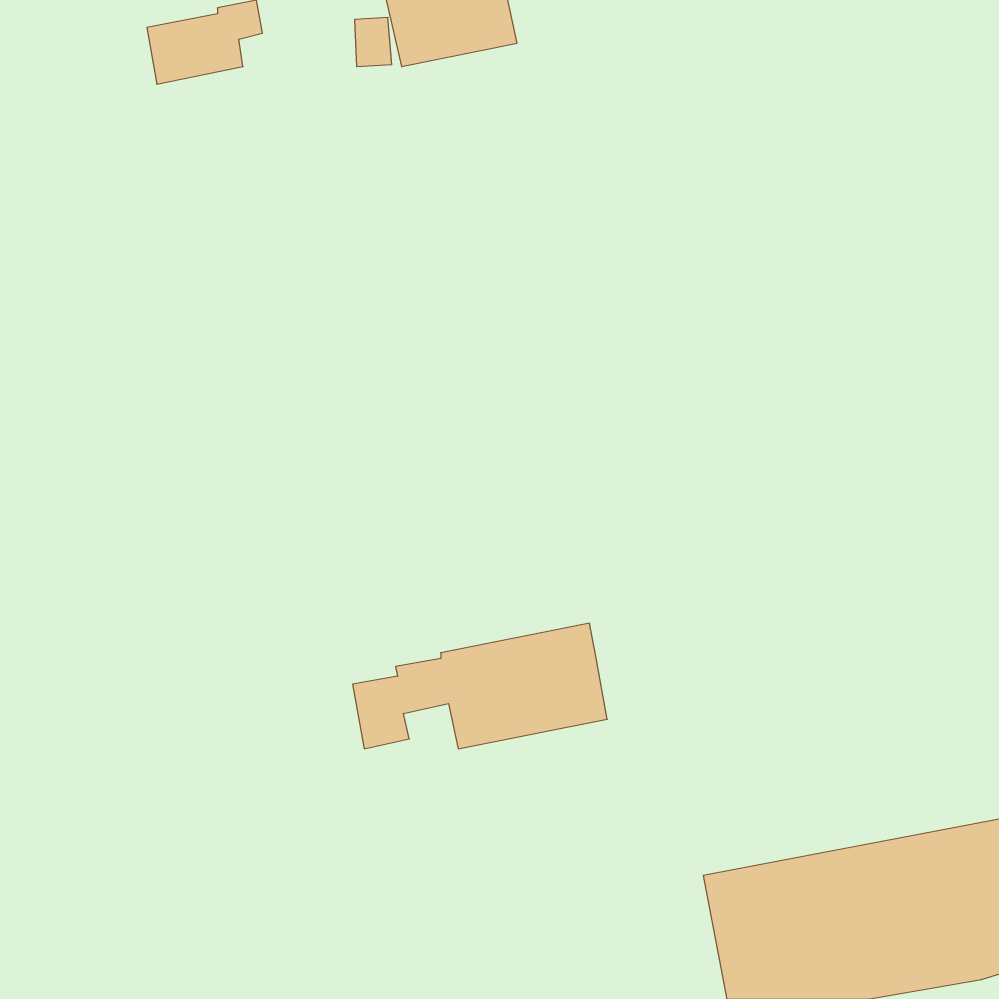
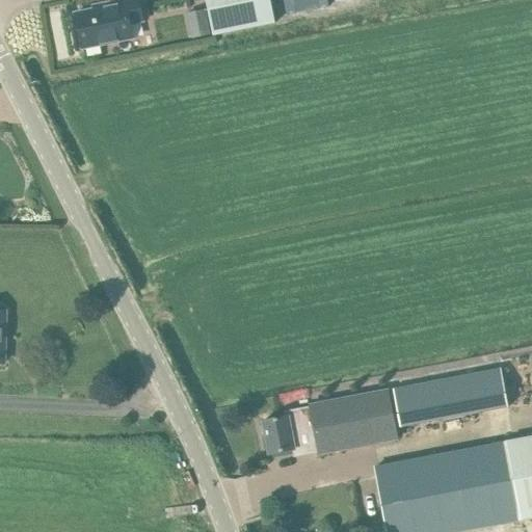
building: [353,623,607,749] -> [263,388,398,454]
building: none -> [394,369,508,427]

